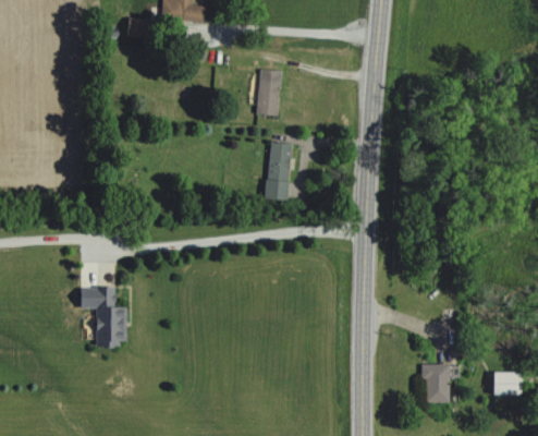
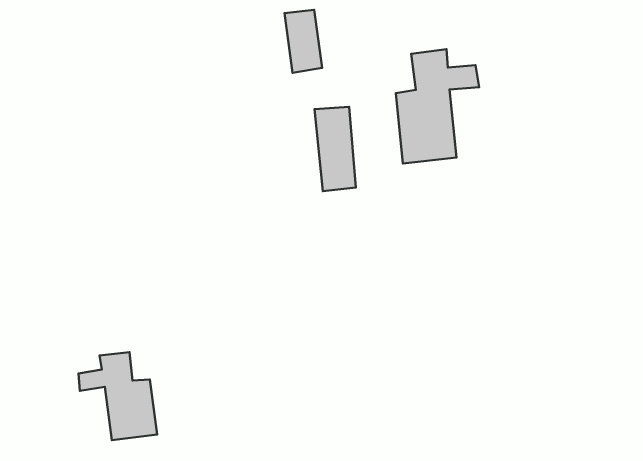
building: none -> [396,49,479,163]
building: [421,364,449,402] -> none

